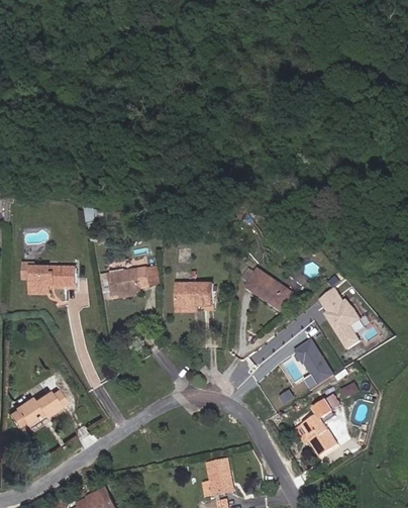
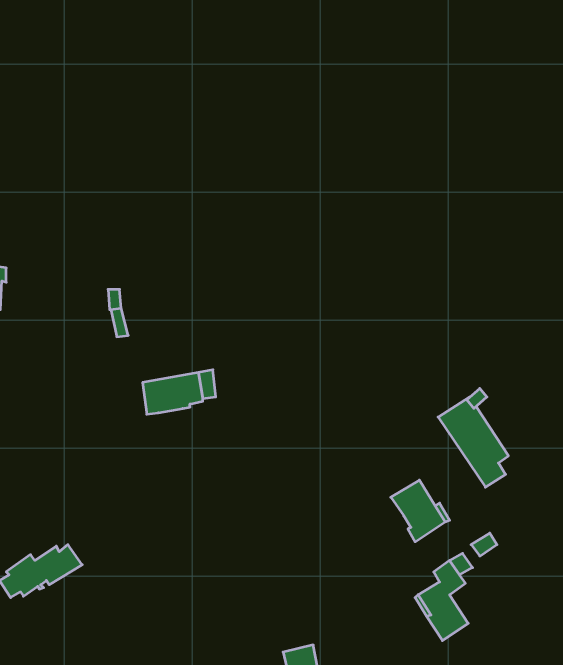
building: [30,268,76,289] -> none
building: [244,269,292,310] -> none
building: [177,284,213,306] -> none

